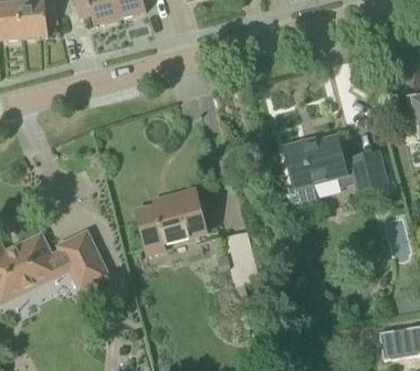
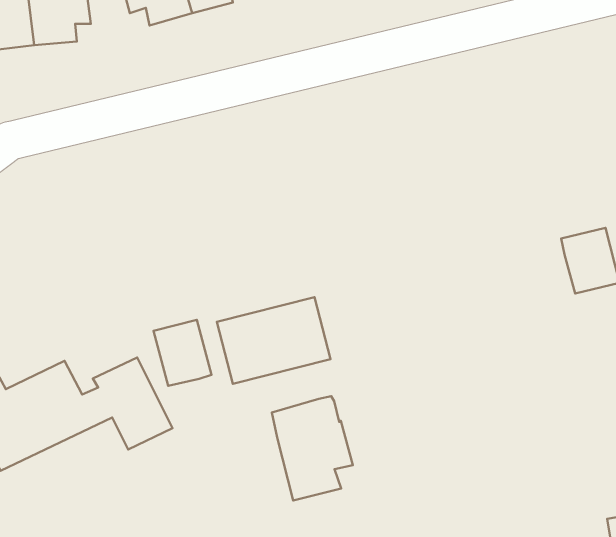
building: [284,136,347,209] -> none
building: none -> [153,320,212,386]
building: none -> [272,396,353,501]

